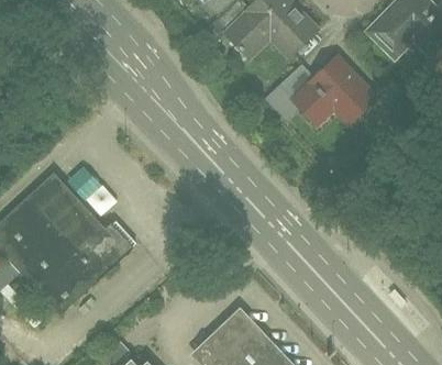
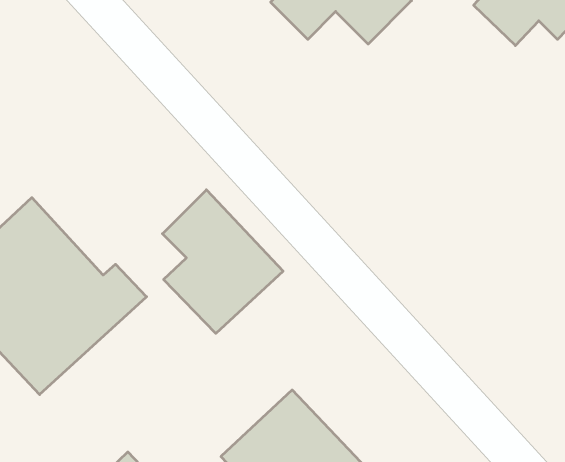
building: [291,54,382,128] -> none
building: none -> [162,190,283,333]

